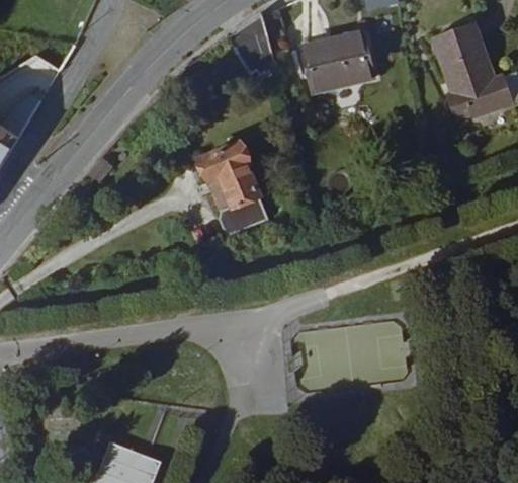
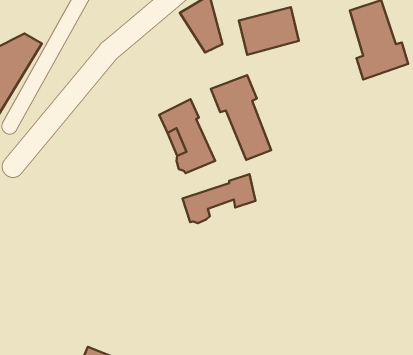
building: none -> [211,75,271,160]
building: none -> [183,174,255,223]

